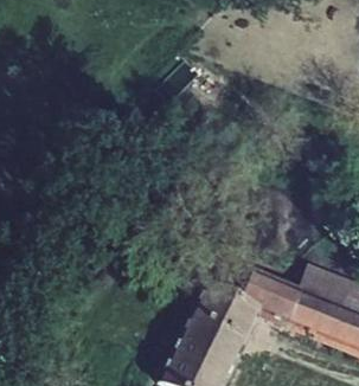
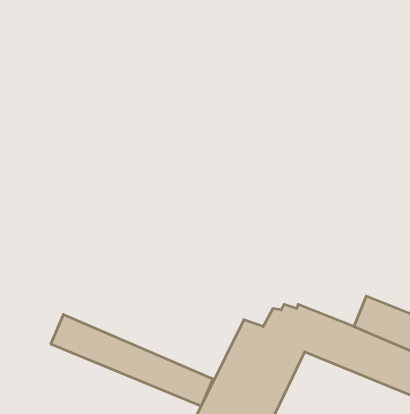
building: none -> [51,314,213,406]

